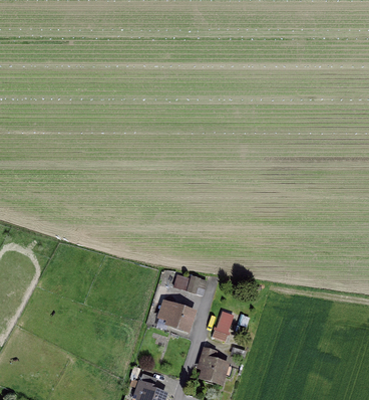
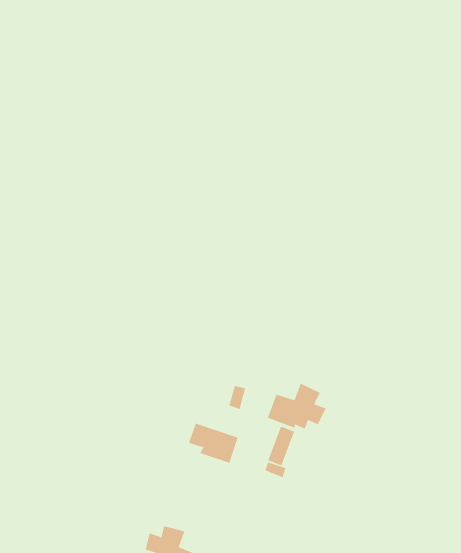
building: none -> [267,383,326,430]
building: [200,350,234,383] -> none

